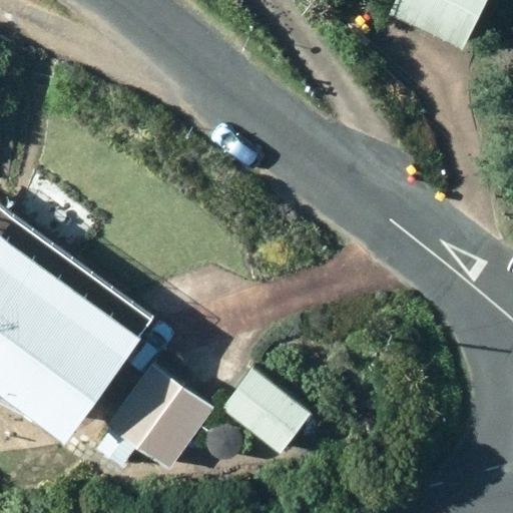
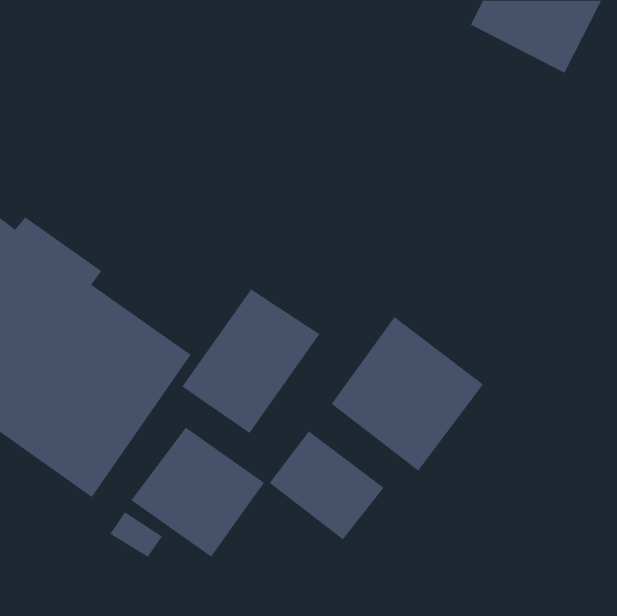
building: none -> [182,289,320,434]
building: none -> [331,316,484,471]

